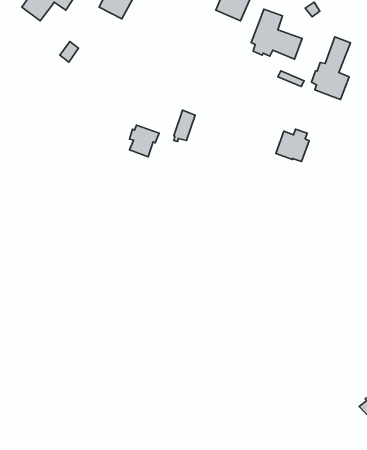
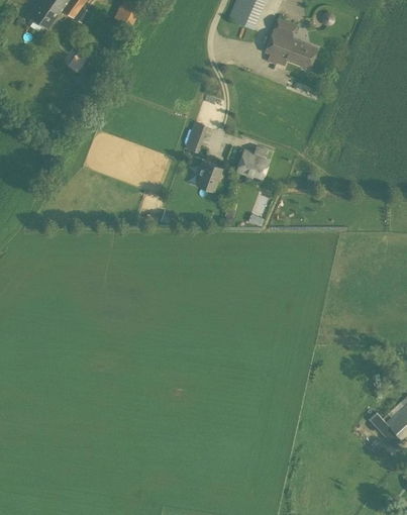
building: [312,37,351,99] -> none
building: [130,125,159,157] -> [195,160,225,192]
building: [276,129,309,161] -> [235,145,270,179]

